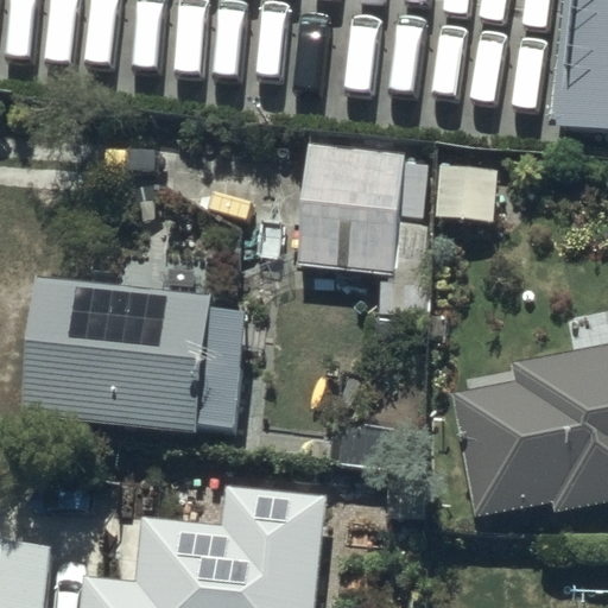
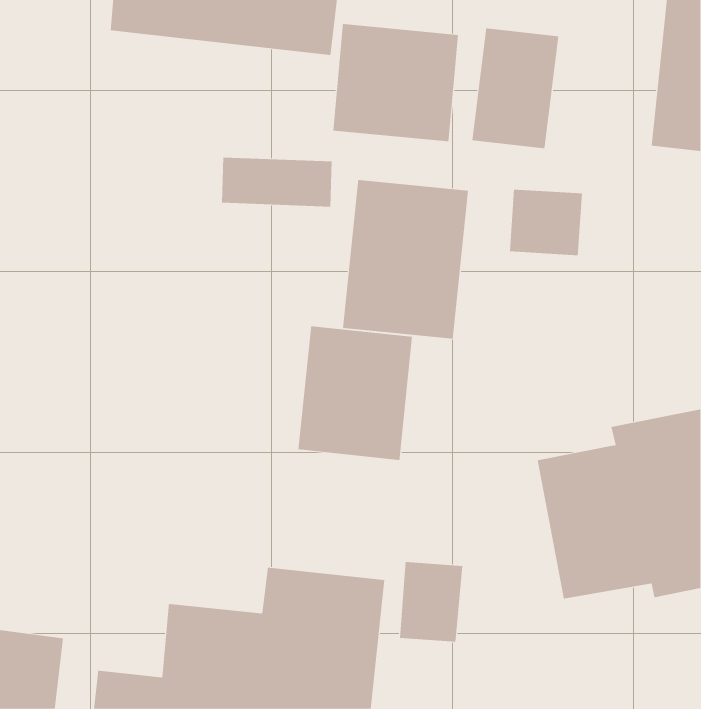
building: none -> [298,326,413,461]
building: [30,279,247,433] -> none

